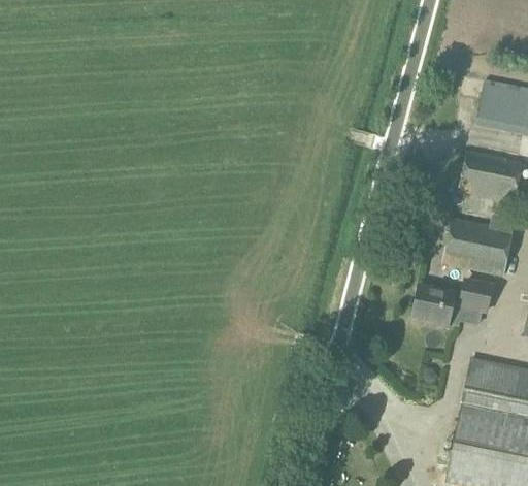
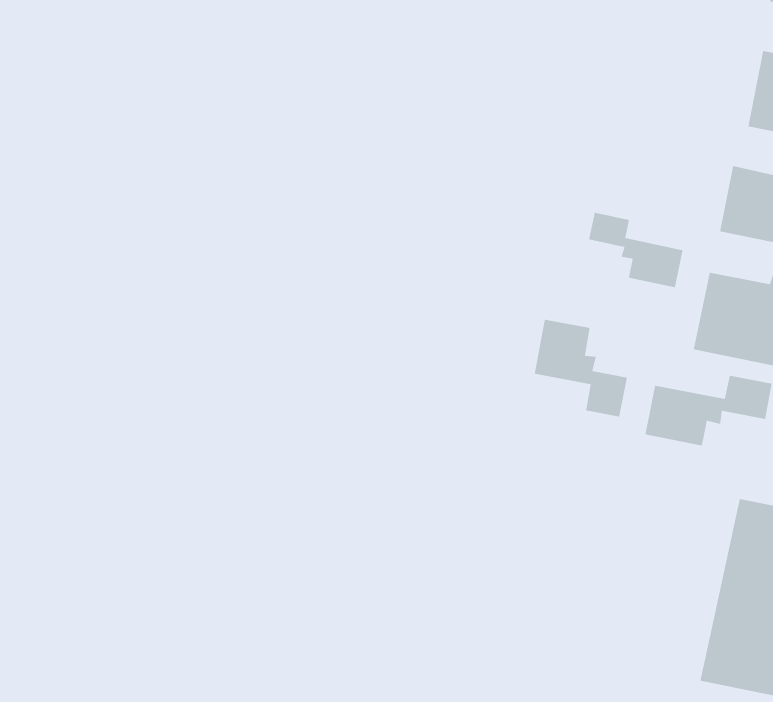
building: none -> [588,212,683,288]
building: none -> [534,319,628,417]

